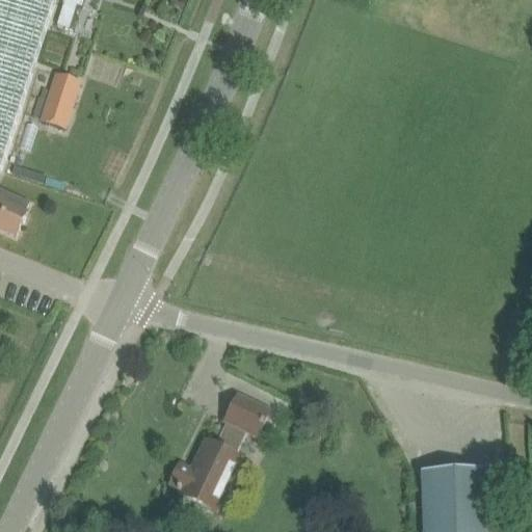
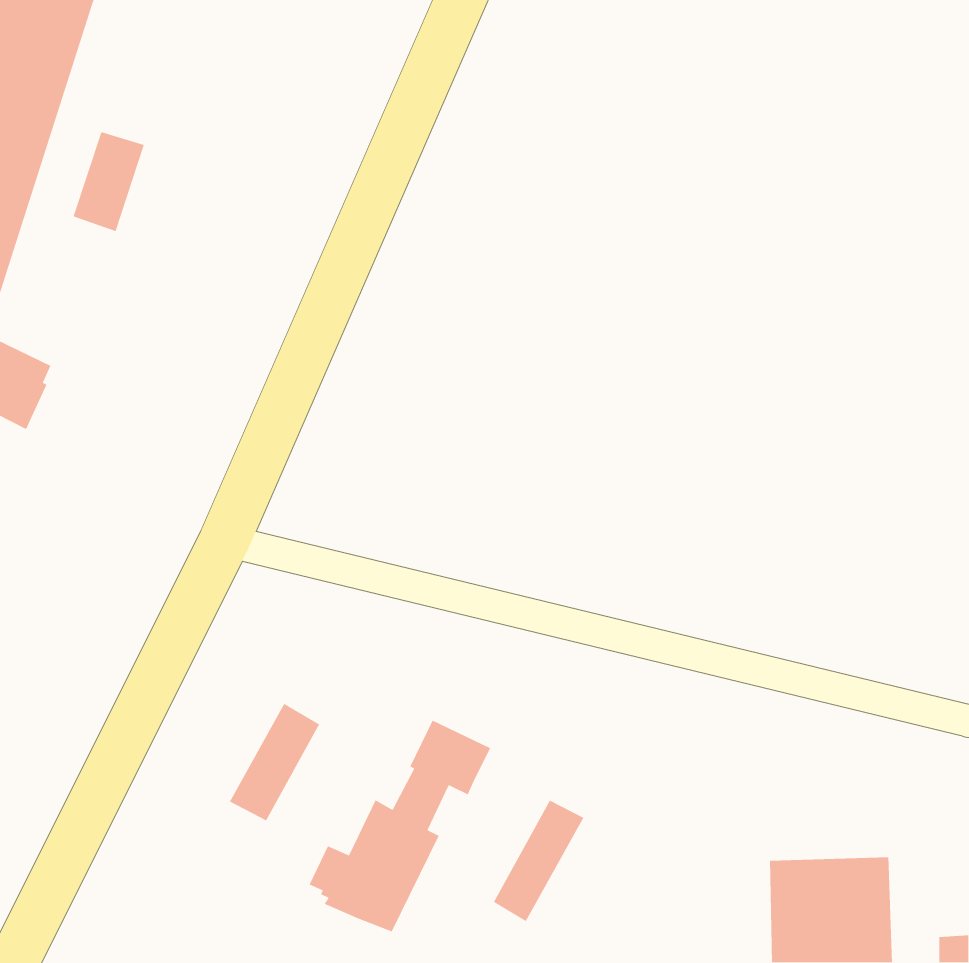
building: none -> [229,703,320,822]
building: none -> [493,799,584,922]

